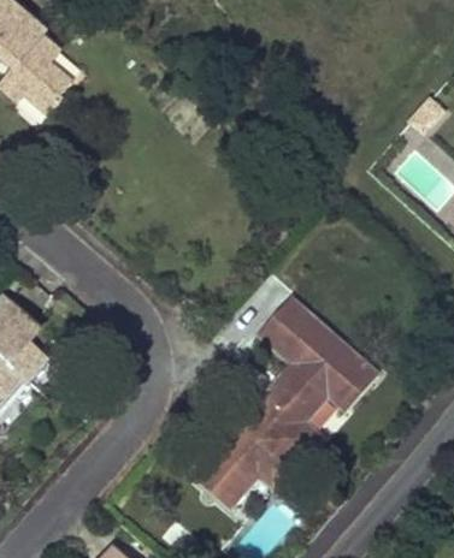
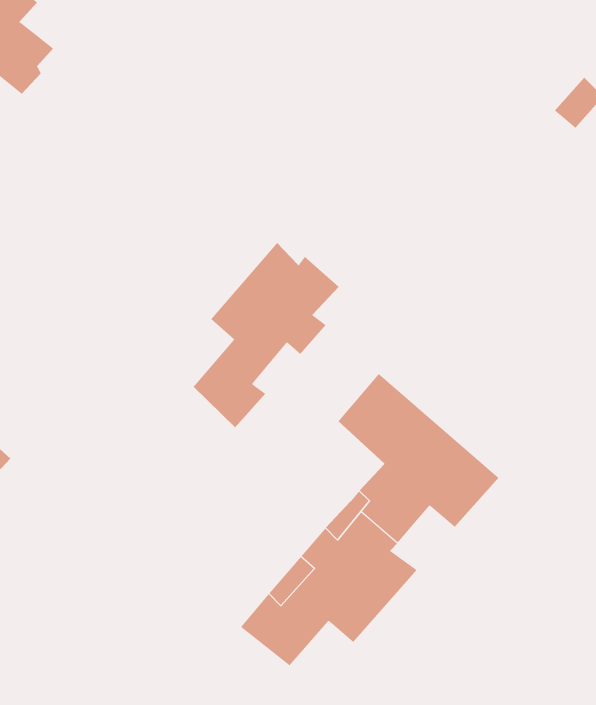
building: none -> [193,242,339,428]

